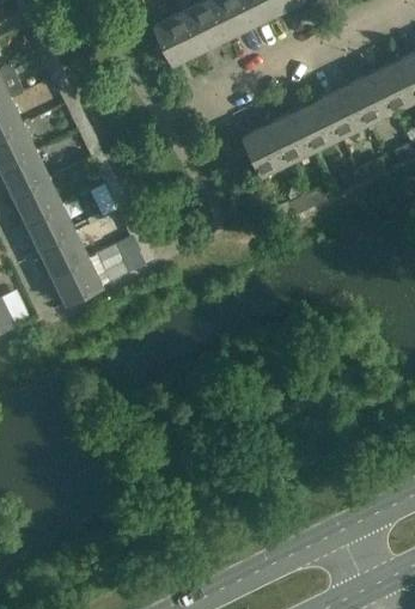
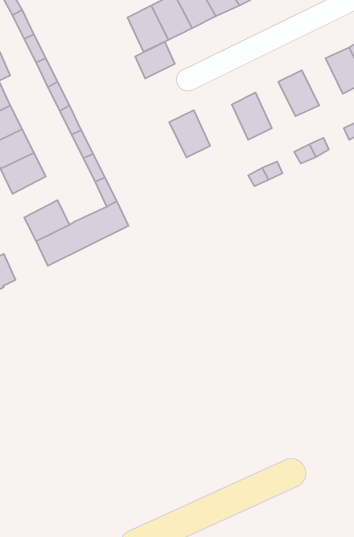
building: none -> [135,42,175,79]
building: [347,73,392,126] -> none
building: [295,99,340,151] -> none
building: [242,124,287,177] -> [169,110,210,158]
building: [25,205,75,250] -> none

